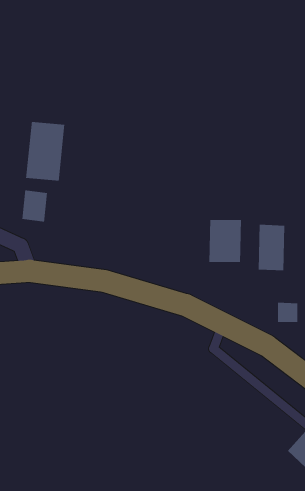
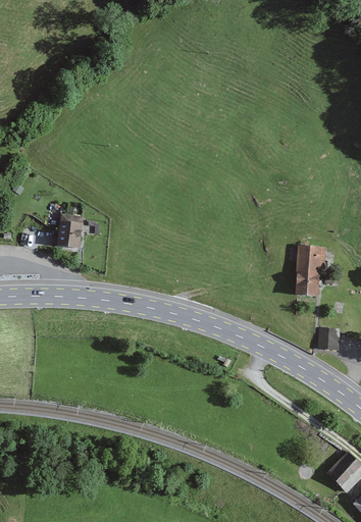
building: [25,121,65,181] -> none
building: [209,219,241,263] -> none

